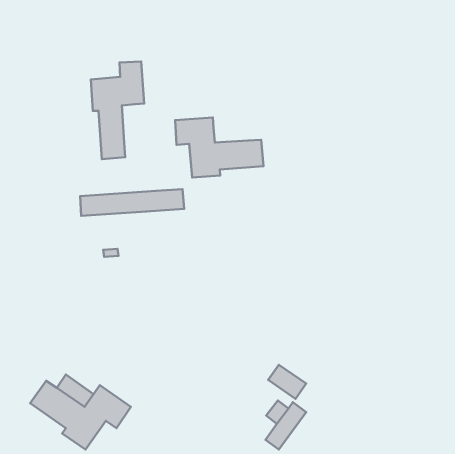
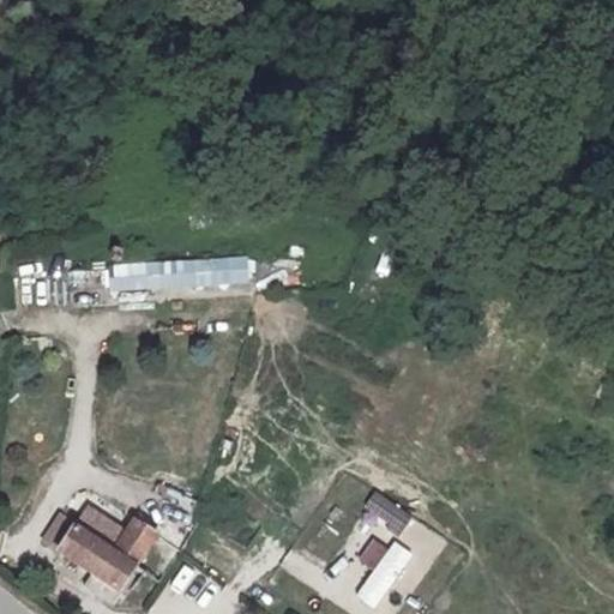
building: [91,61,144,159] -> none
building: [175,118,263,178] -> none

